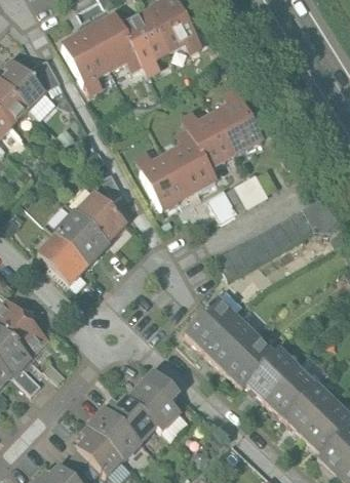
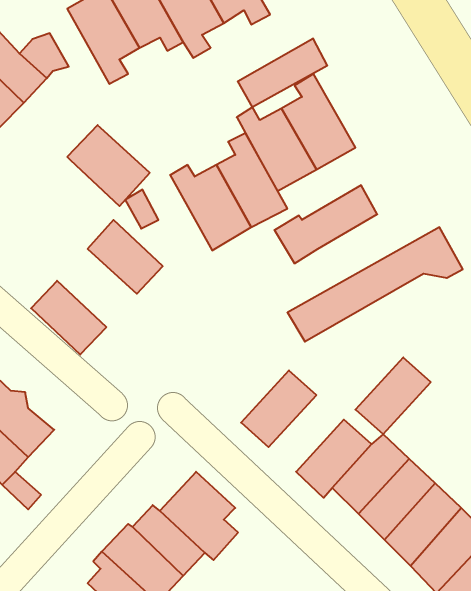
building: none -> [238,38,327,107]
building: [51,209,110,267] -> [67,125,150,206]
building: [203,315,257,369] -> [355,357,431,434]

